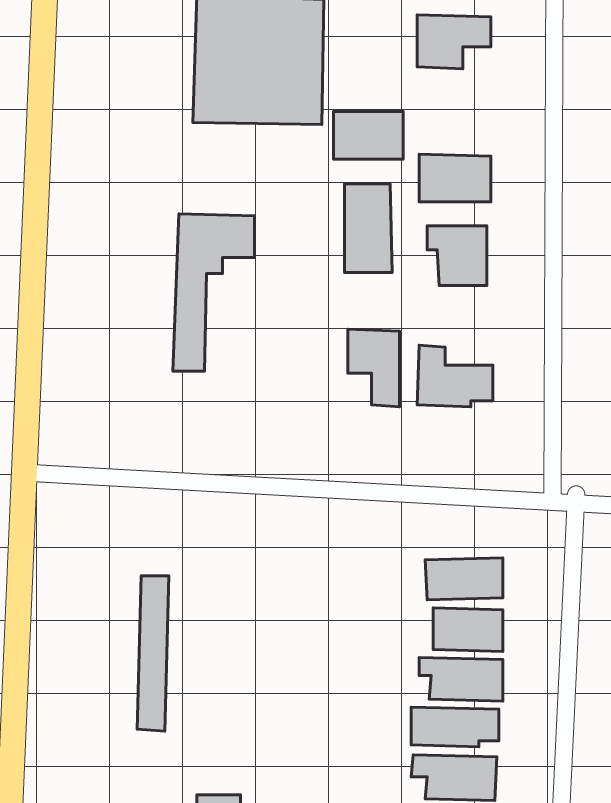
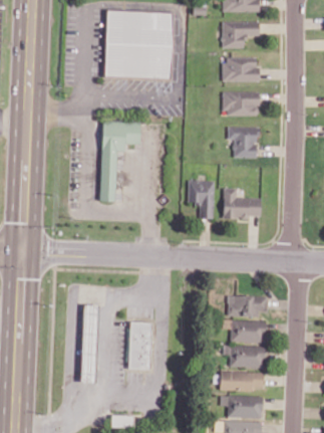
building: [334,112,403,159] -> [223,57,258,81]
building: [344,184,392,272] -> none
building: none -> [127,321,151,370]

